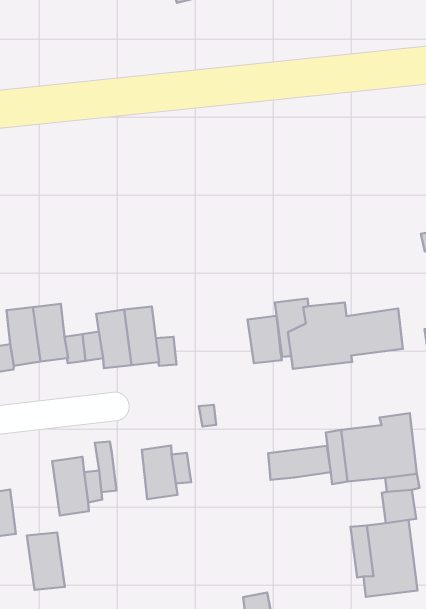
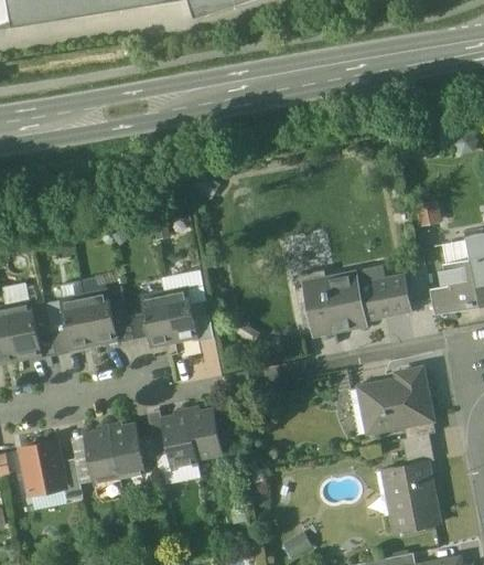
building: [247,316,282,363] -> none
building: [268,446,331,480] -> none
building: none -> [162,414,197,467]
building: [27,533,65,590] -> [84,429,120,481]

